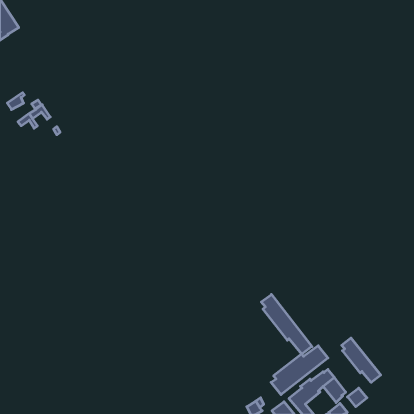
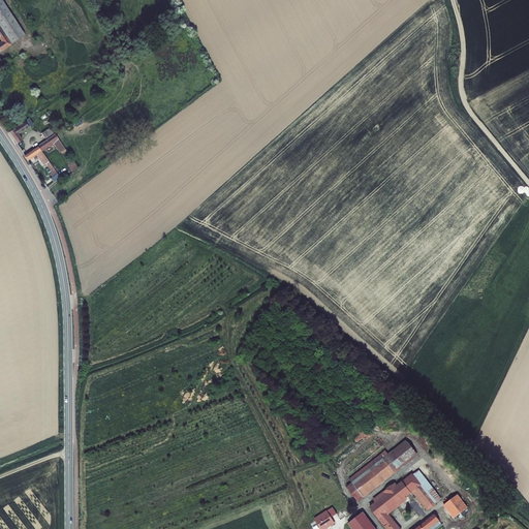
building: [261,294,312,354] -> none
building: [342,338,381,382] -> none

